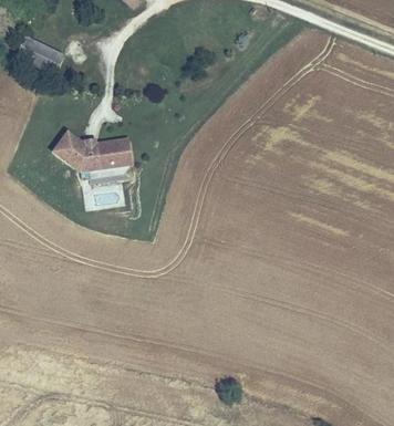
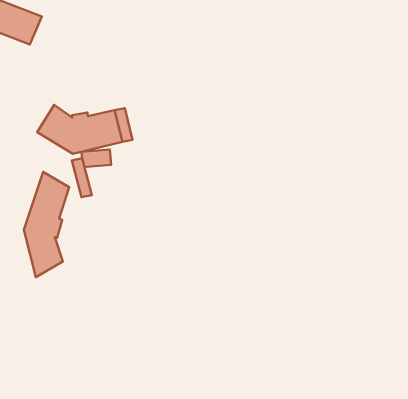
building: none -> [24,172,69,277]

